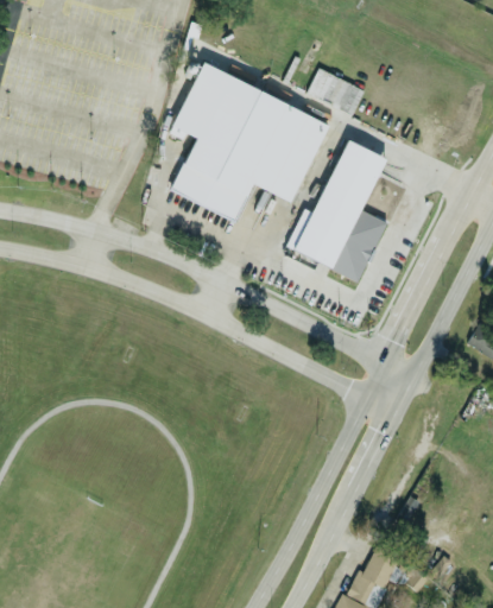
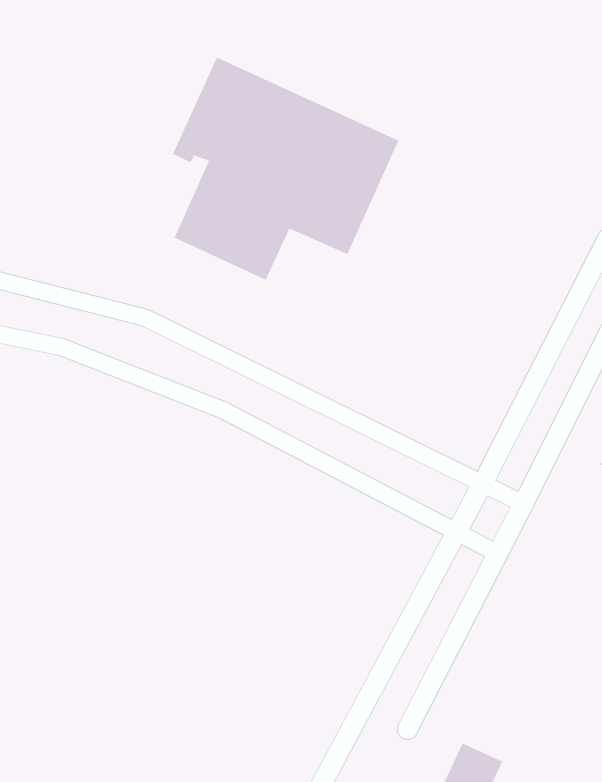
building: [308,70,365,113] -> none
building: [286,140,386,280] -> none

